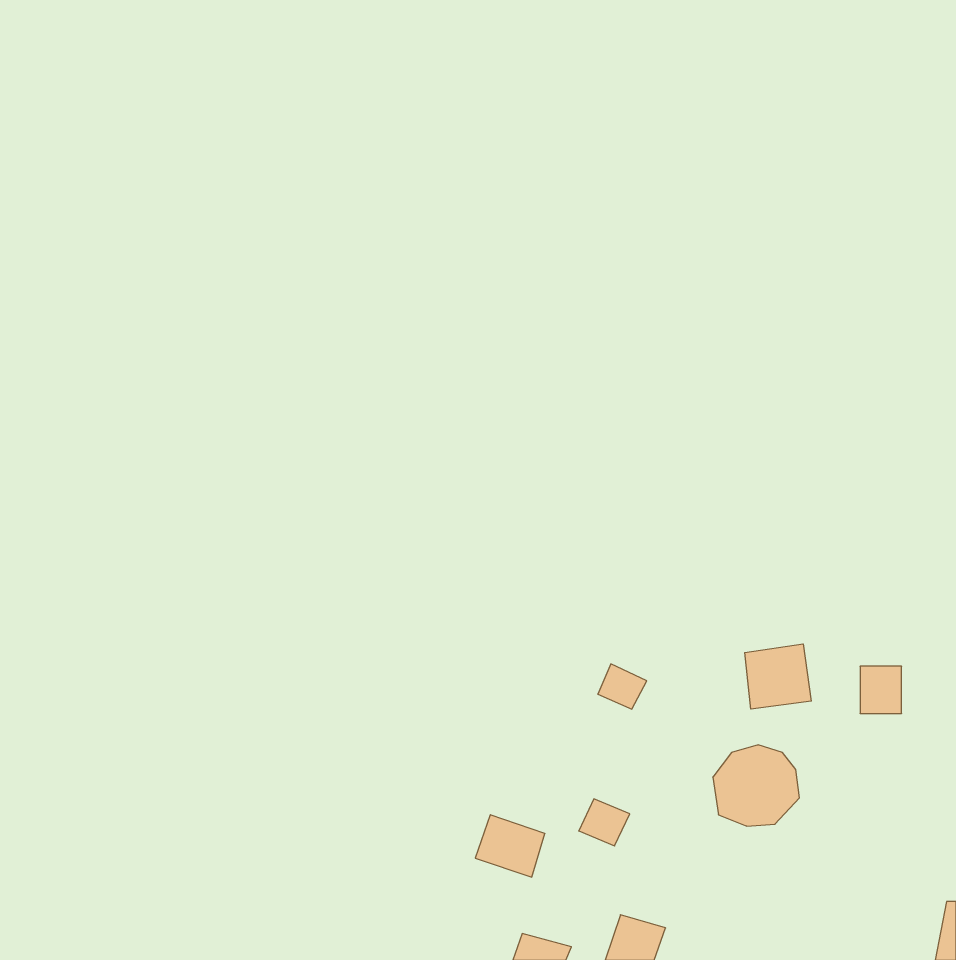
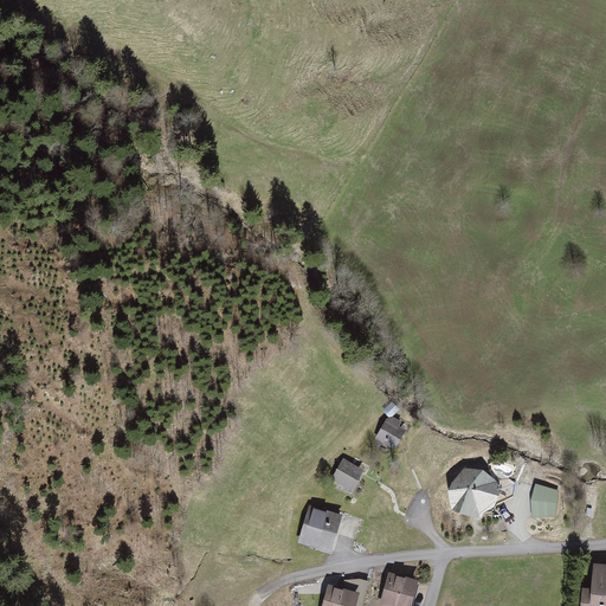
building: [745,644,811,709] -> none
building: [860,666,902,713] -> [528,485,554,515]
building: [579,799,630,846] -> [334,459,366,489]

